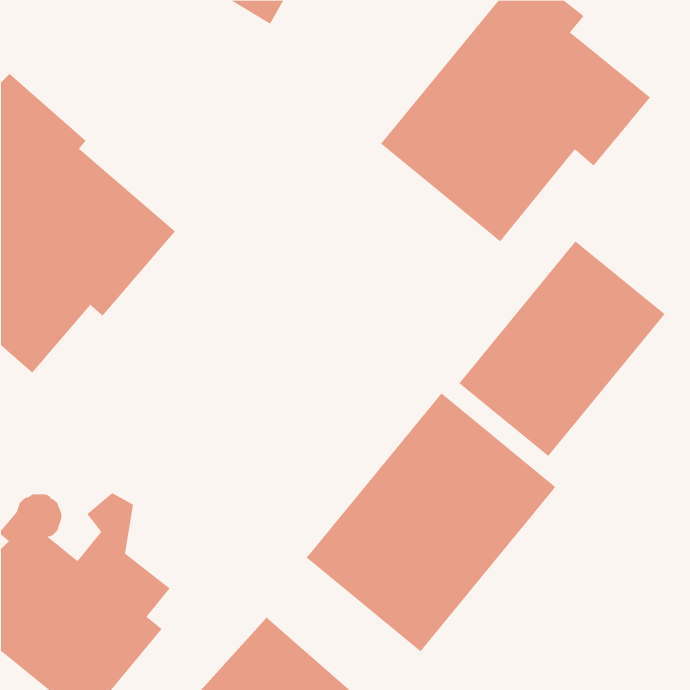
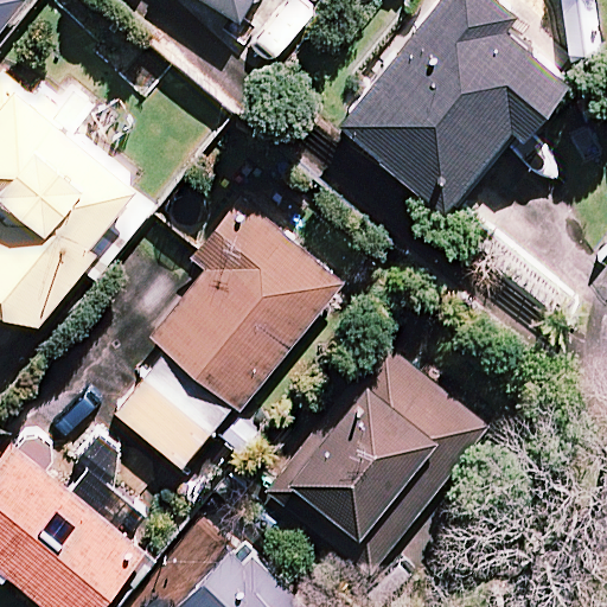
building: none -> [119,202,341,466]
building: [458,240,665,457] -> none

